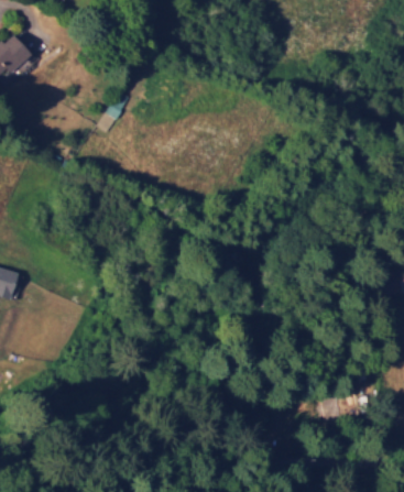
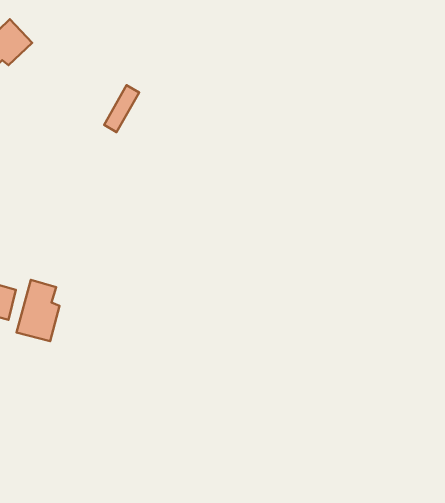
building: none -> [16,280,59,341]

